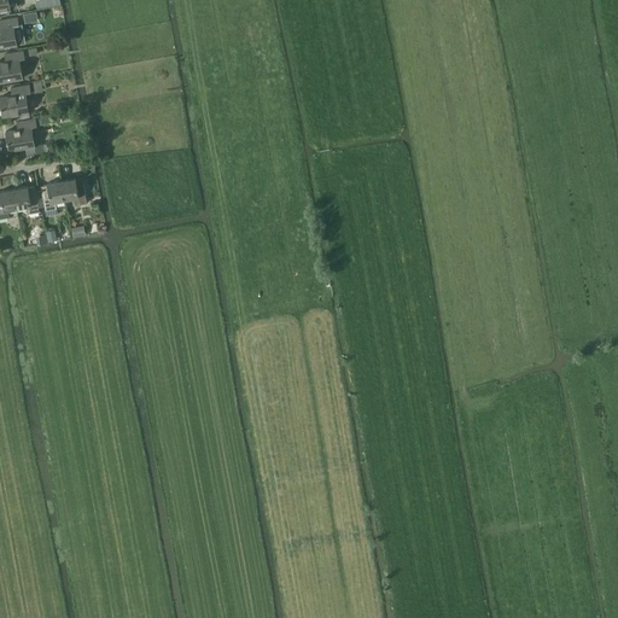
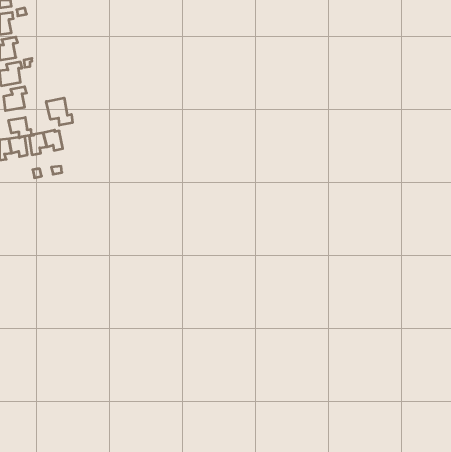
building: none -> [46,98,72,125]
building: none -> [9,117,31,137]

